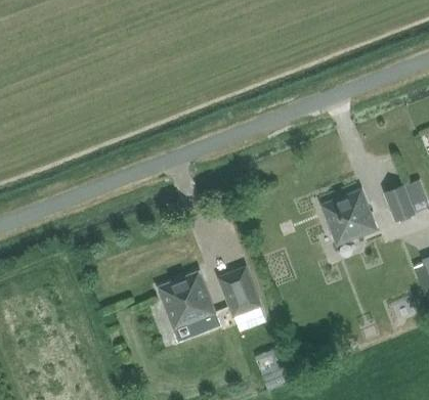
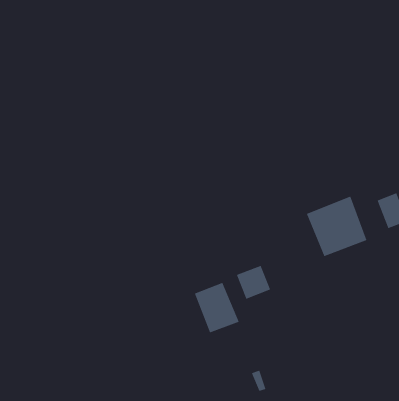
building: none -> [236,265,271,300]
building: [159,273,215,329] -> none

